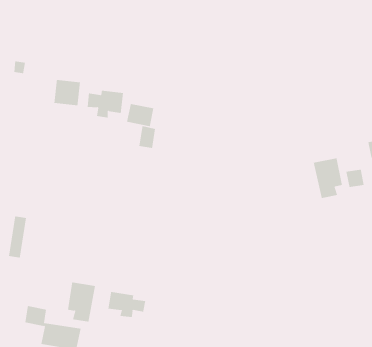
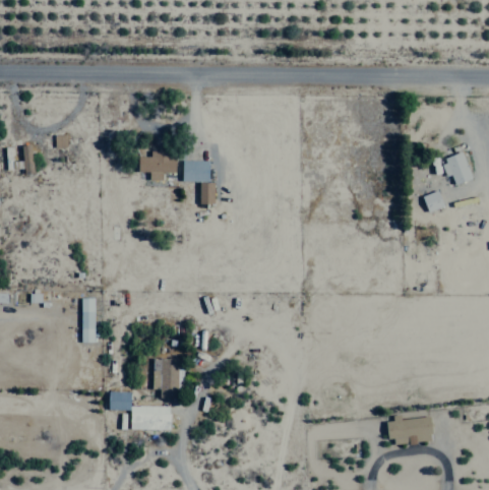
building: [54,79,81,106] -> none
building: [313,157,342,199] -> none
building: [108,291,146,318] -> none

